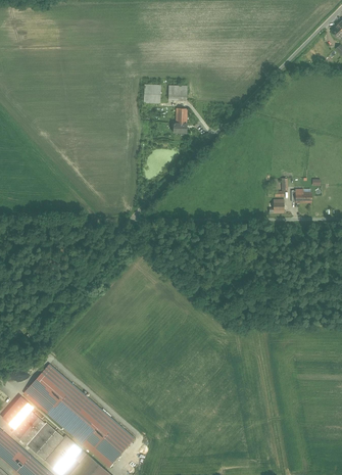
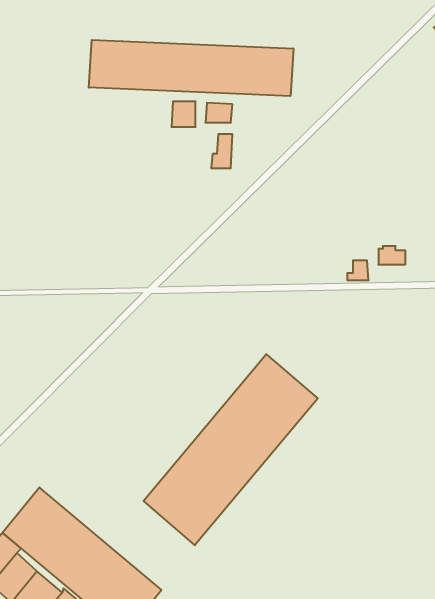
building: none -> [89,40,293,96]
building: none -> [144,354,318,545]

